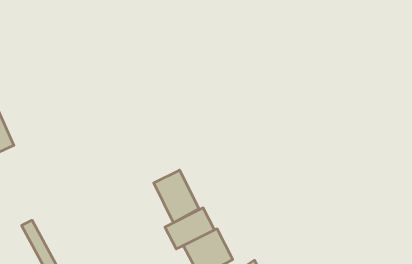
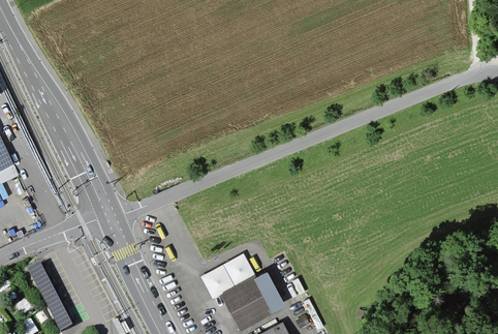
building: [154,170,199,223] -> none

